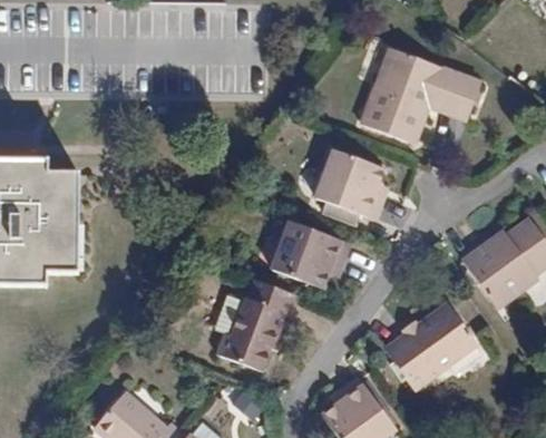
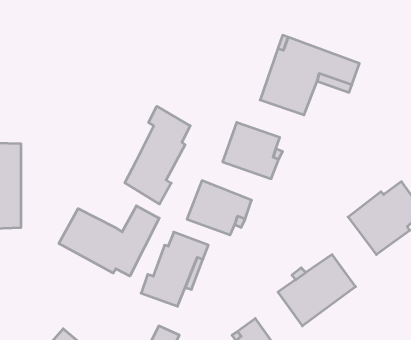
building: none -> [125,106,190,204]
building: none -> [59,206,159,276]

